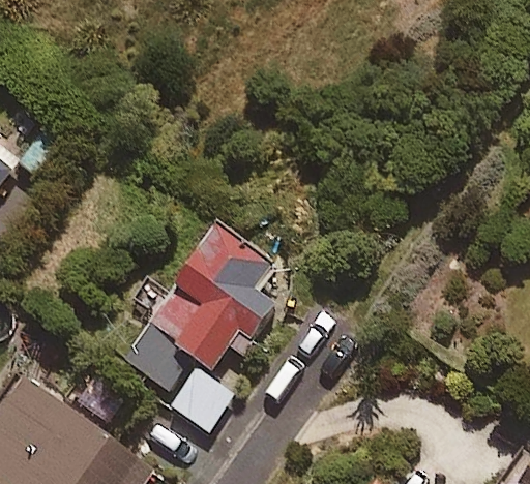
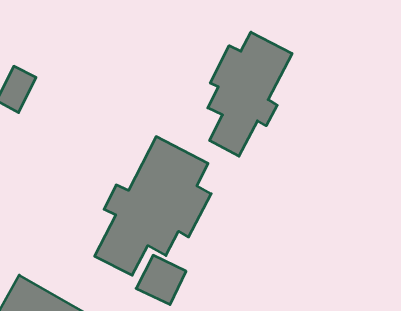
building: none -> [208,32,292,156]

